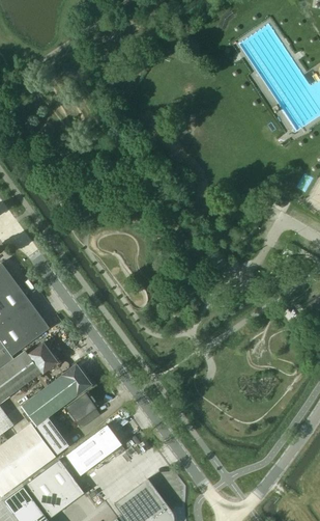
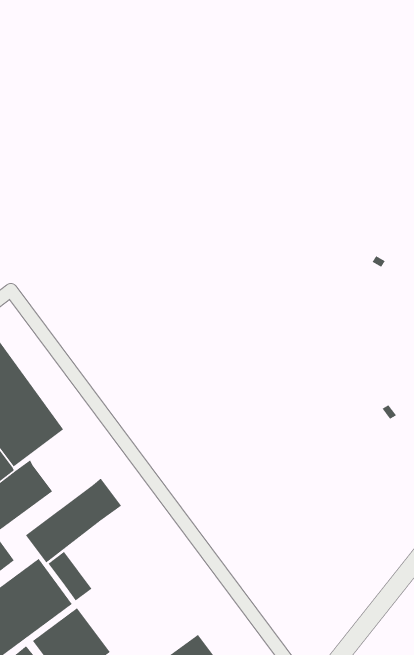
building: [26,342,56,374] -> none
building: [64,392,99,429] -> none
building: [64,423,121,475] -> none

